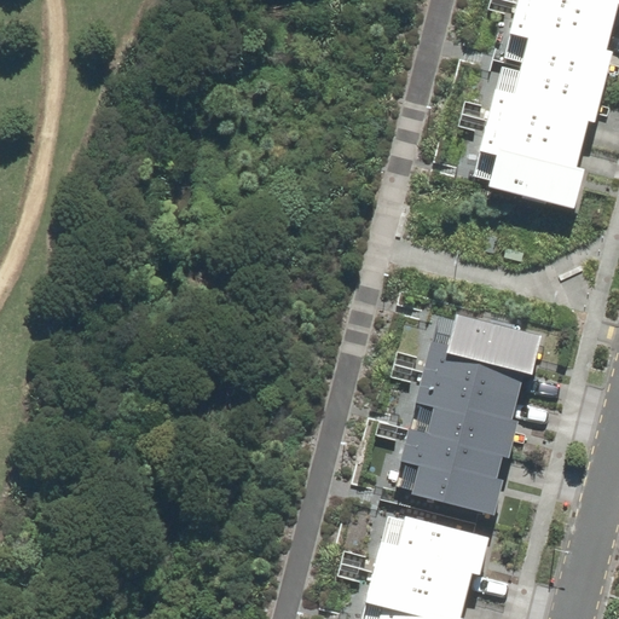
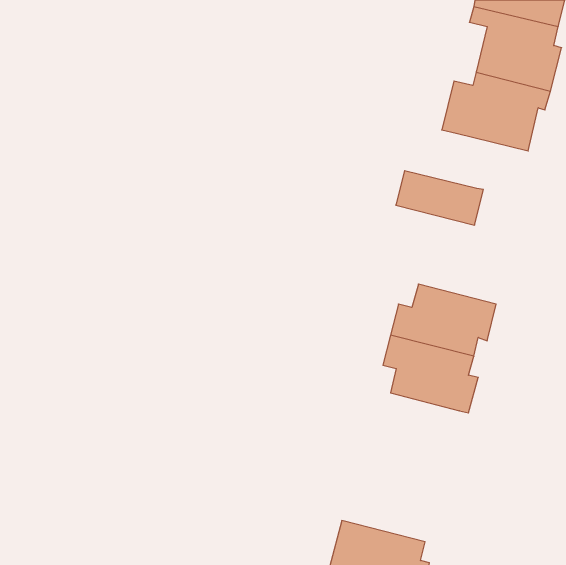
building: [487,147,583,207] -> [396,171,483,225]
building: [401,426,507,511] -> none
building: [372,510,488,592] -> none

